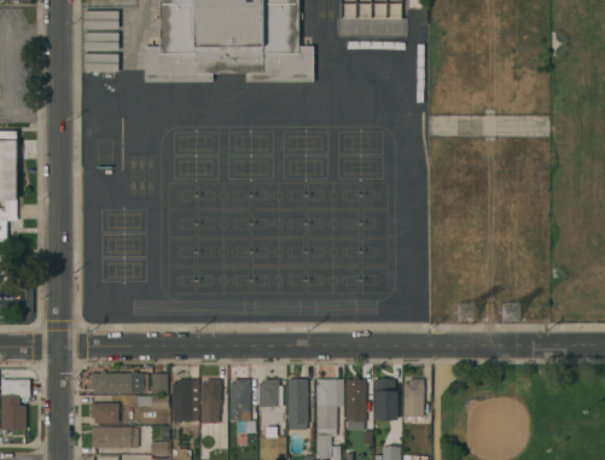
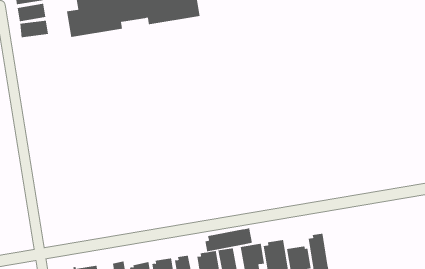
building: none -> [205,227,253,252]

